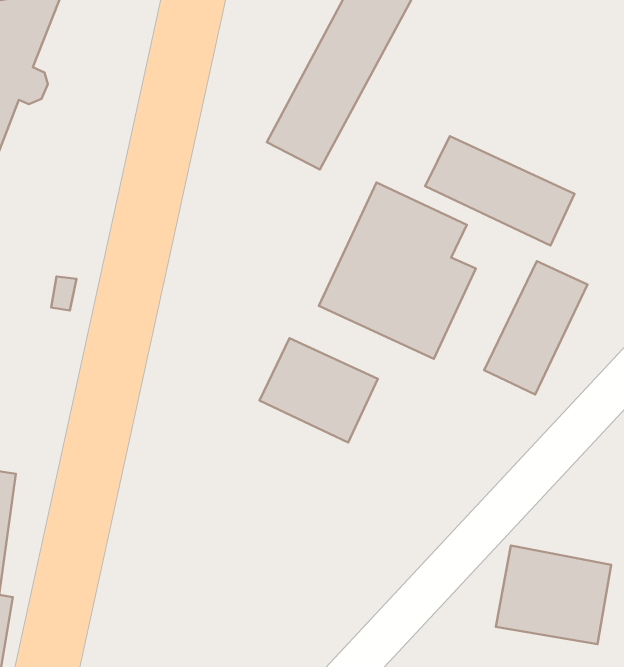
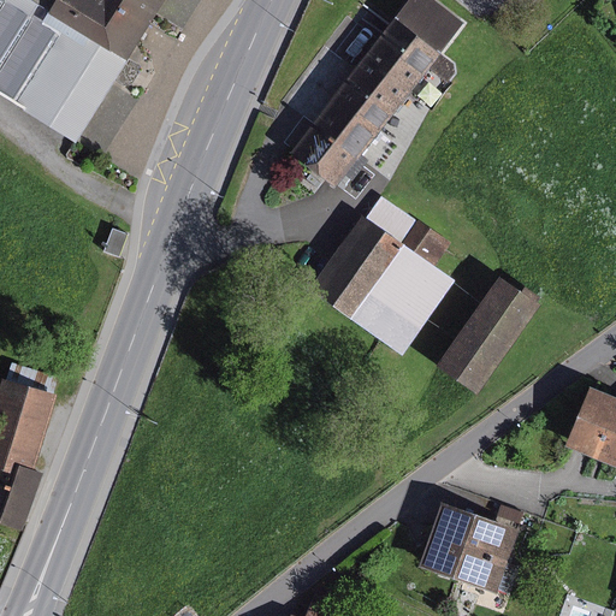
building: [425,136,574,245] -> none
building: [260,338,378,443] -> none

